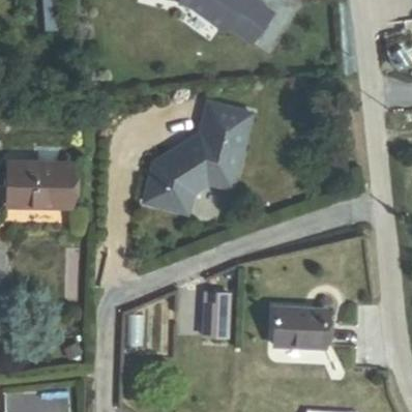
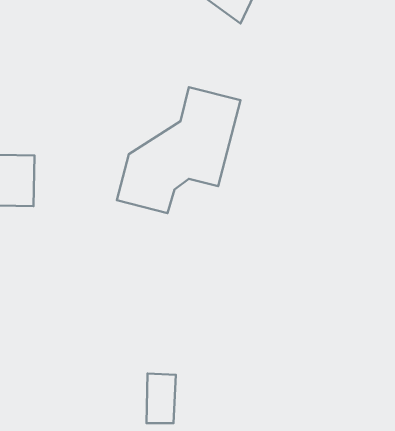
building: [203,293,229,336] -> [146,374,176,423]
building: [274,307,331,349] -> none

